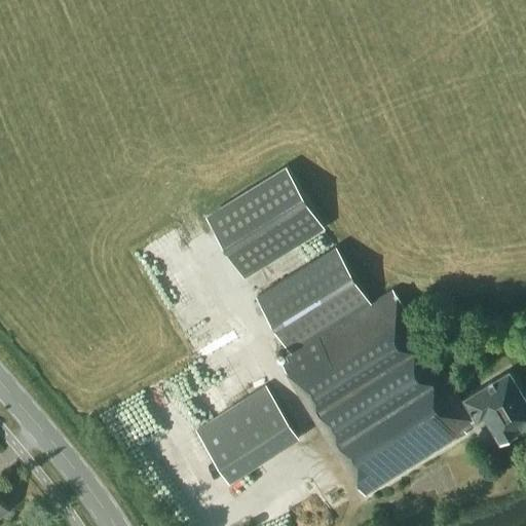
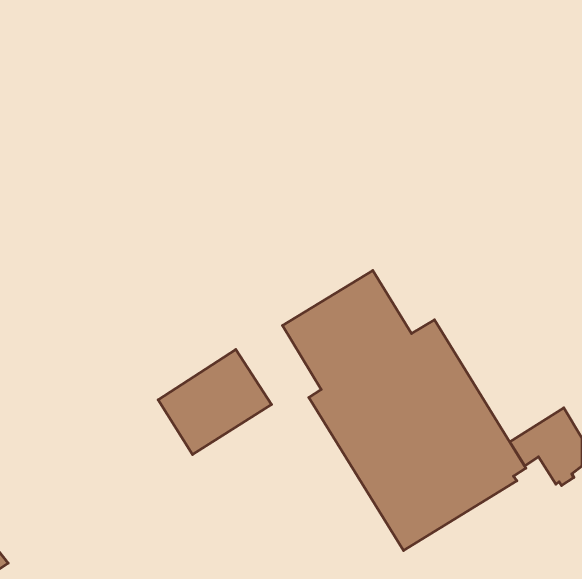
building: [203,166,324,280] -> none
building: [196,390,298,485] -> [158,350,271,455]

